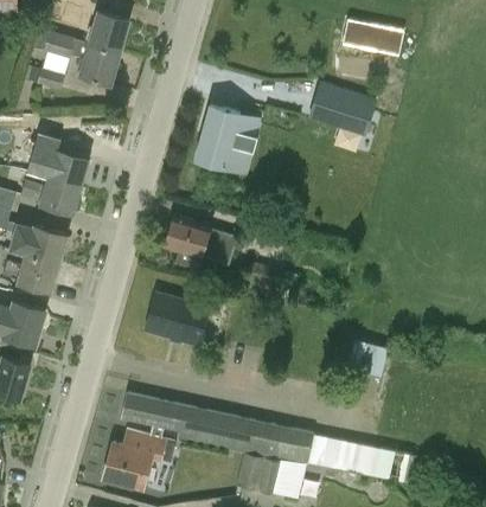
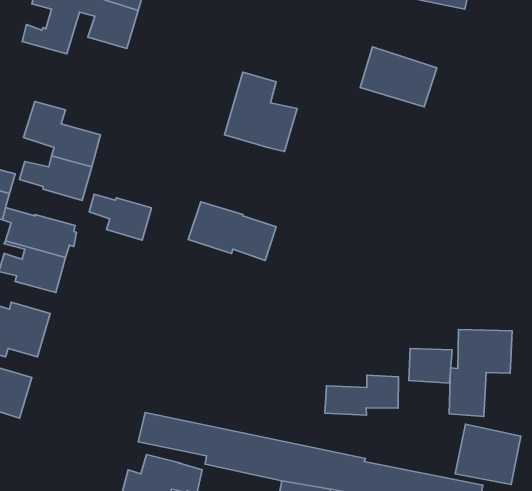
building: none -> [89,194,151,240]
building: [146,294,209,346] -> none
building: none -> [449,329,512,416]
building: none -> [325,375,398,415]
building: none -> [455,424,521,484]

